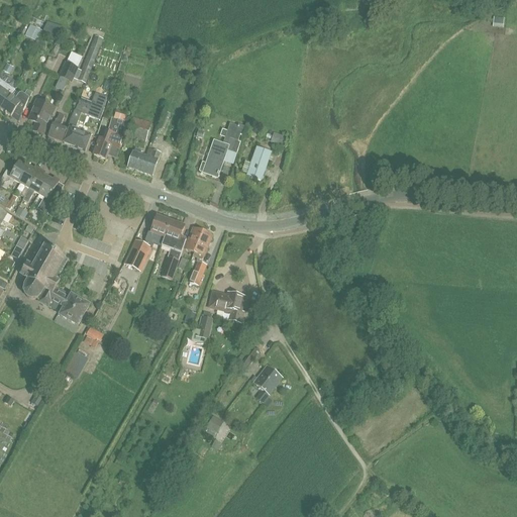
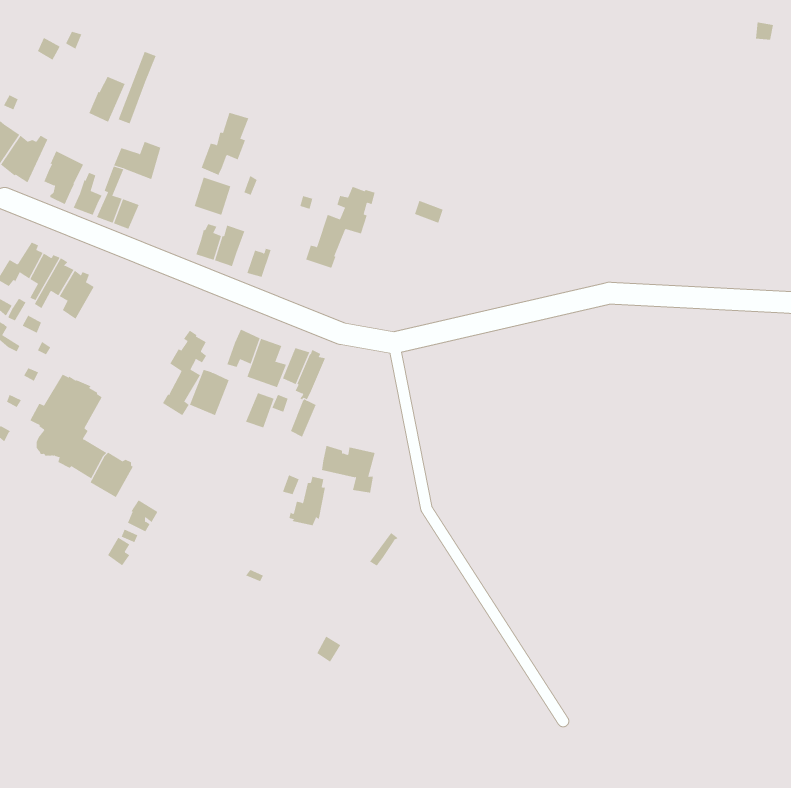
building: [93,116,124,158] -> [201,112,249,176]
building: [249,142,273,177] -> none
building: none -> [162,330,207,417]
building: [252,365,281,394] -> none

